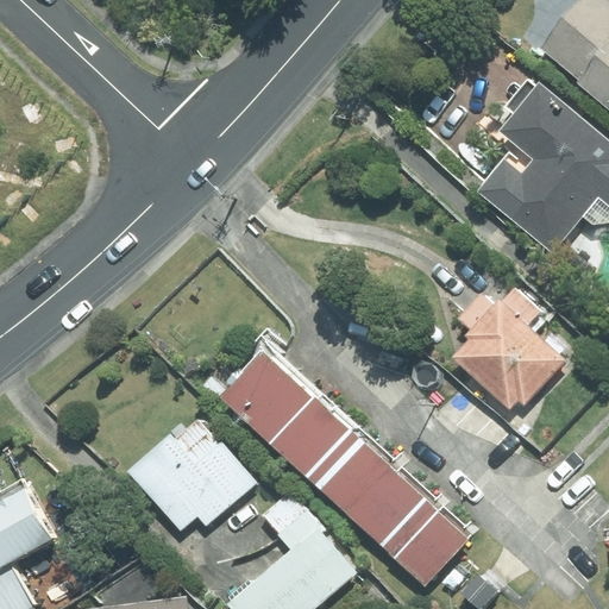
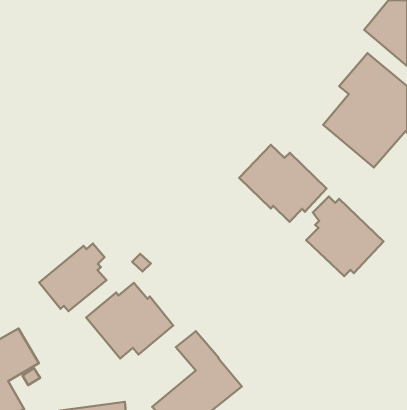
building: none -> [239,145,327,222]
building: [224,349,469,586] -> none
building: none -> [39,244,106,311]

